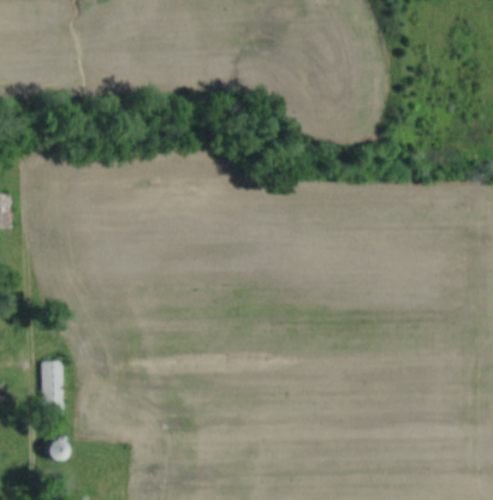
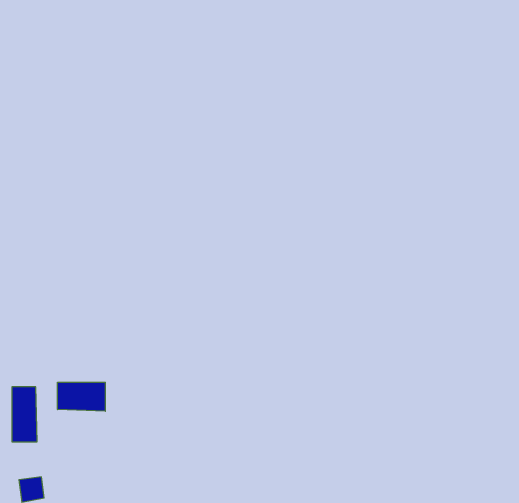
building: none -> [58,382,105,411]

